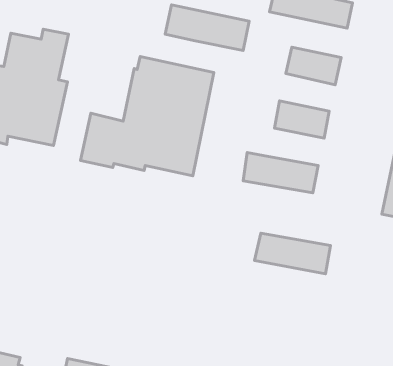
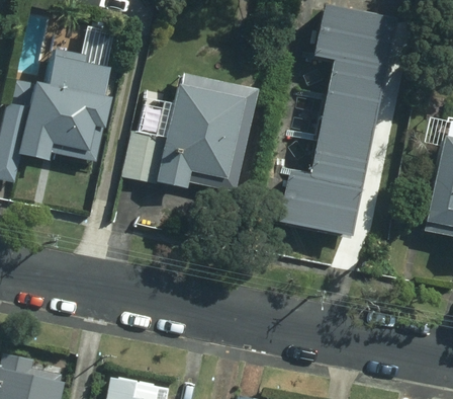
building: [165,5,249,50] -> [306,28,390,74]
building: none -> [323,90,378,128]
building: none -> [311,145,367,182]
building: [255,233,330,274] -> [280,197,356,238]

